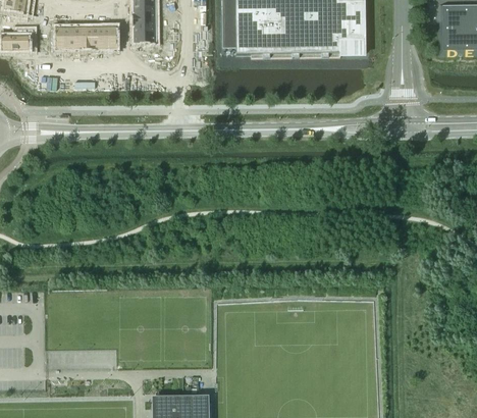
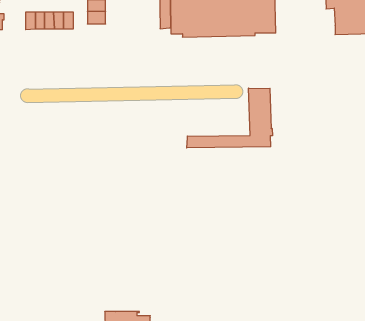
building: none -> [187,88,272,148]

